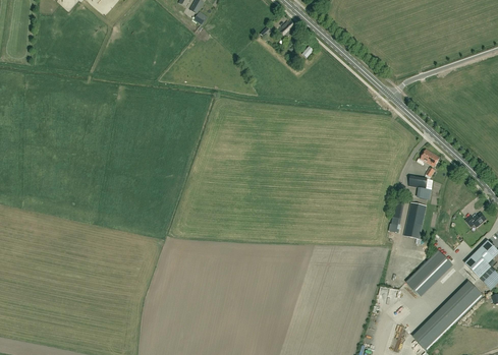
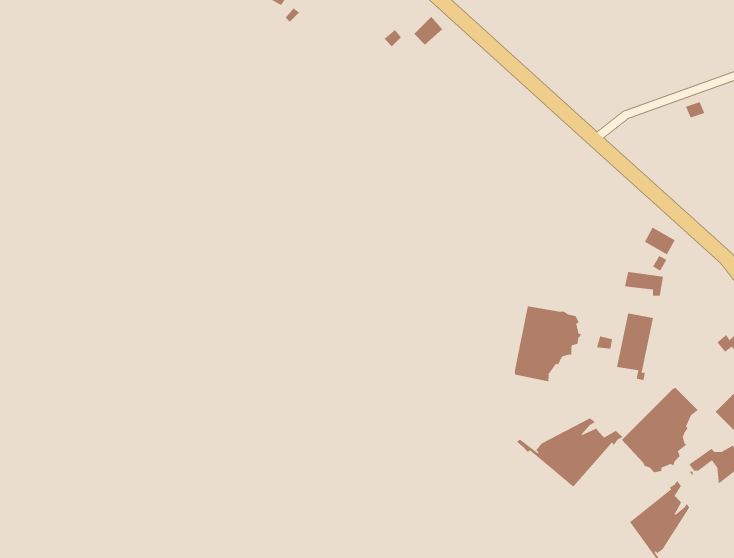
building: none -> [514,306,582,382]
building: none -> [516,418,624,488]

